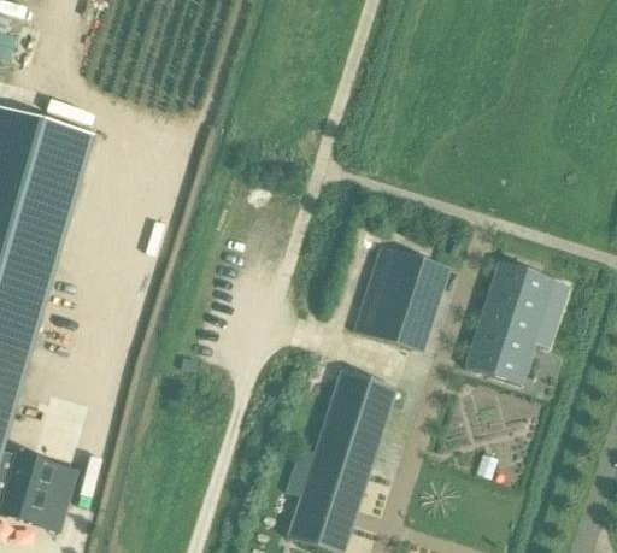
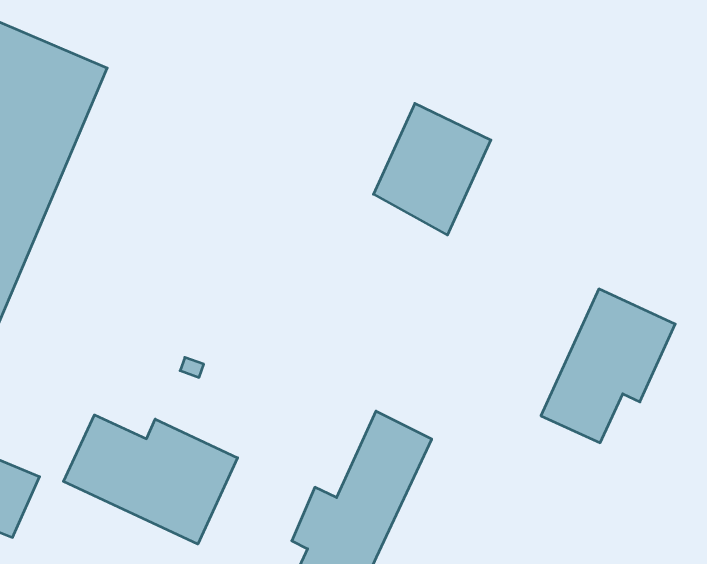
building: [357,252,445,353] -> [373,103,491,235]
building: none -> [63,415,238,544]

